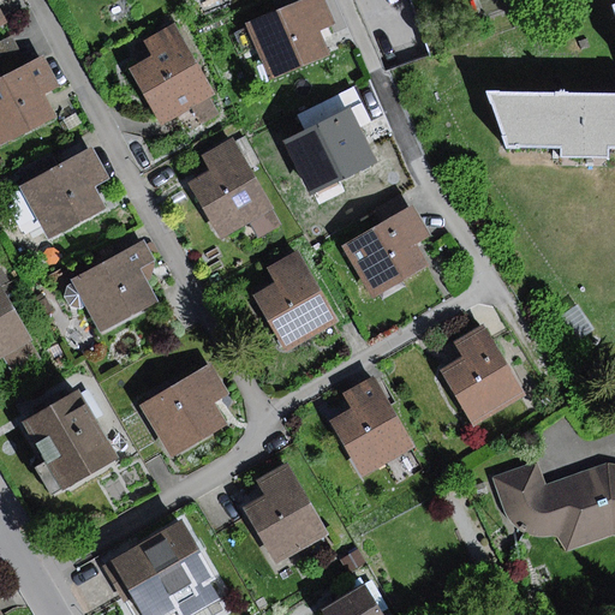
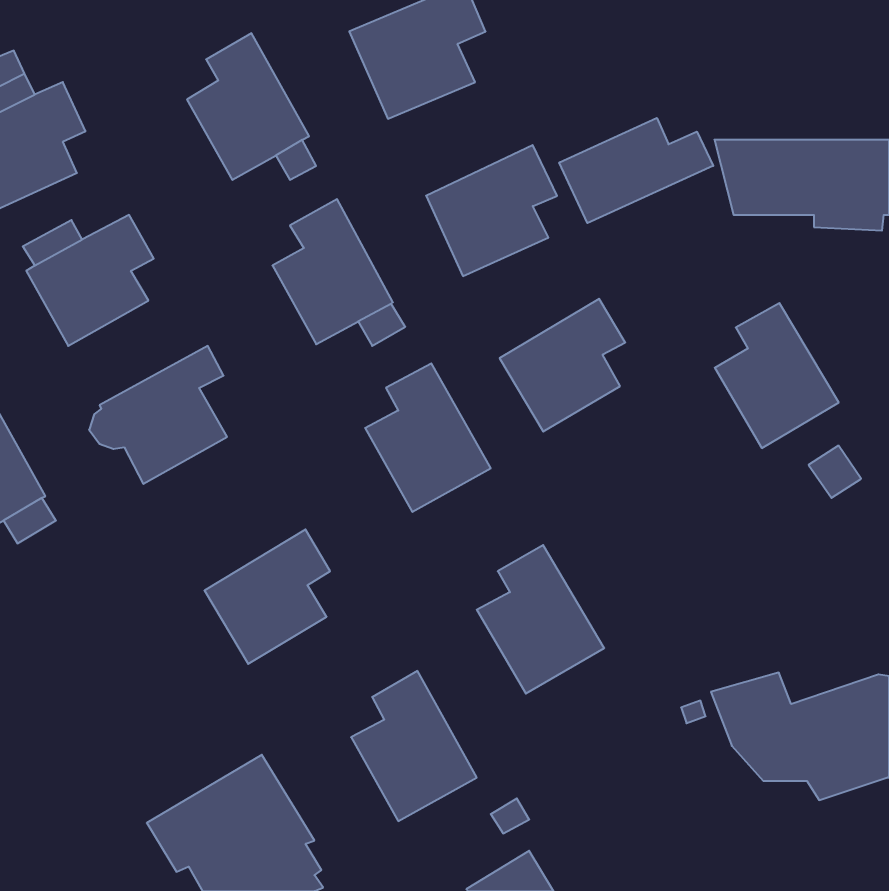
building: none -> [559,118,713,223]
building: [438,326,524,425] -> [715,303,839,448]
building: [24,392,117,496] -> none

